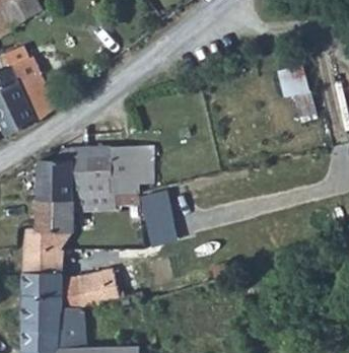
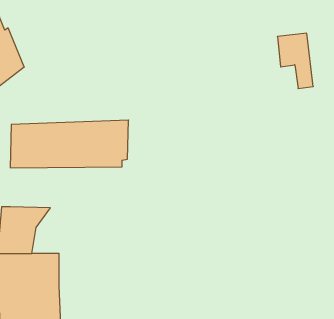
building: [34,191,139,229] -> none
building: [146,191,180,228] -> none
building: [80,264,121,302] -> none

